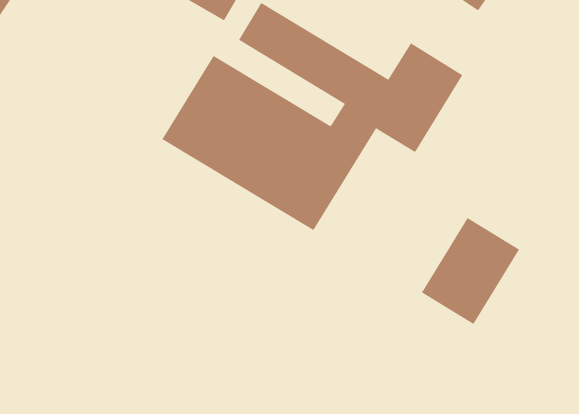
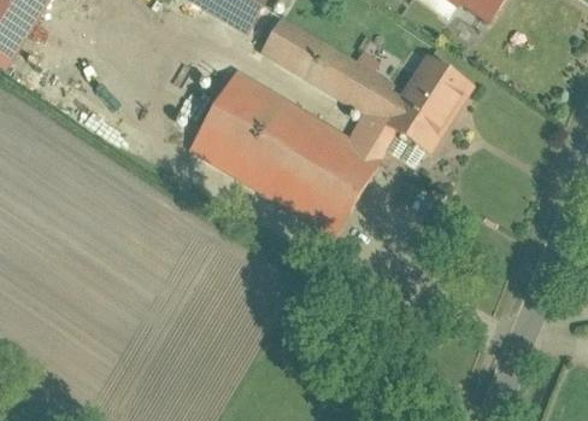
building: [421,217,520,325] -> none

